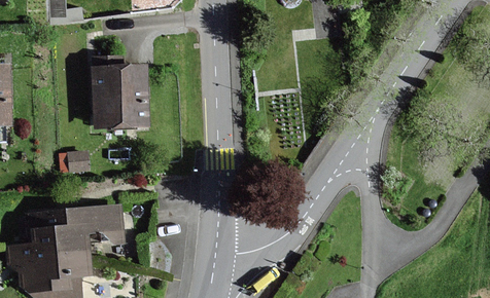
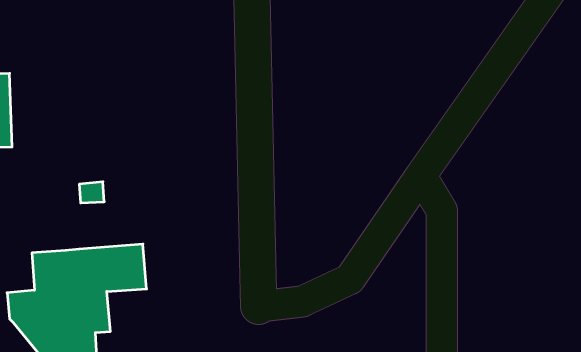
building: [92,65,146,128] -> none

